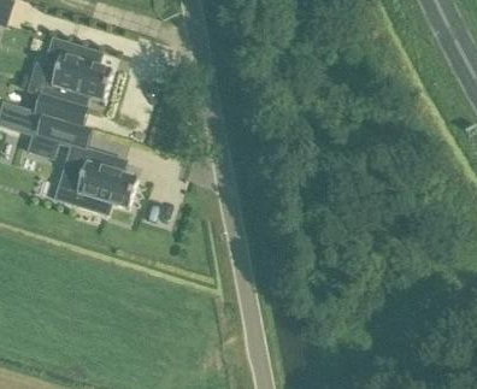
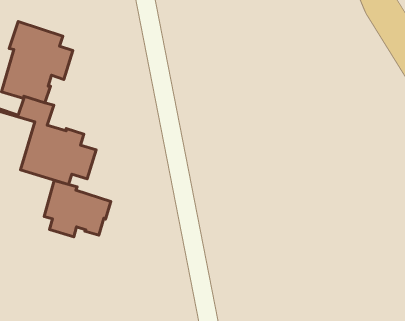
building: none -> [44,180,111,237]

